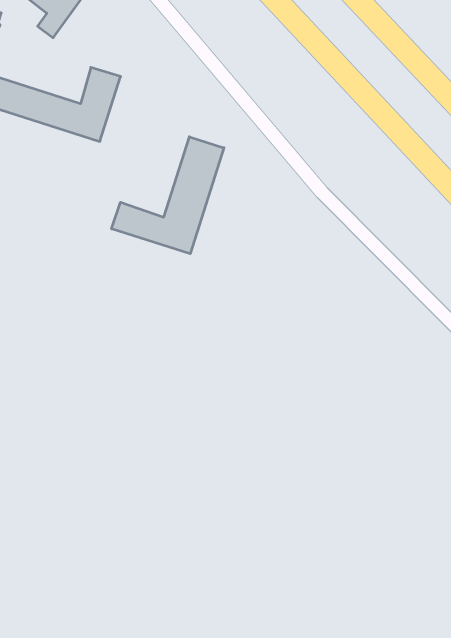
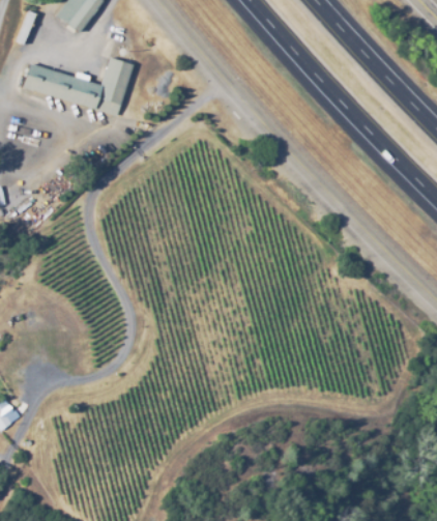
building: [112,137,224,254] -> none

